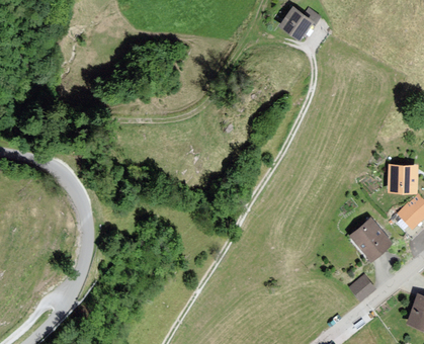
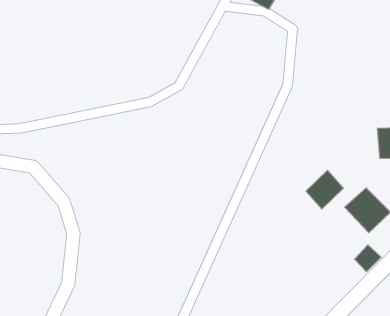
building: none -> [306,170,344,209]

